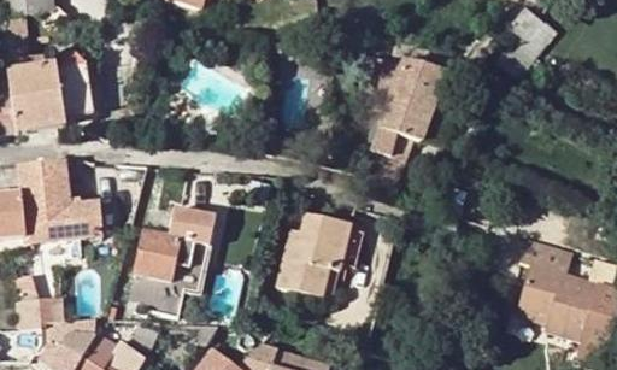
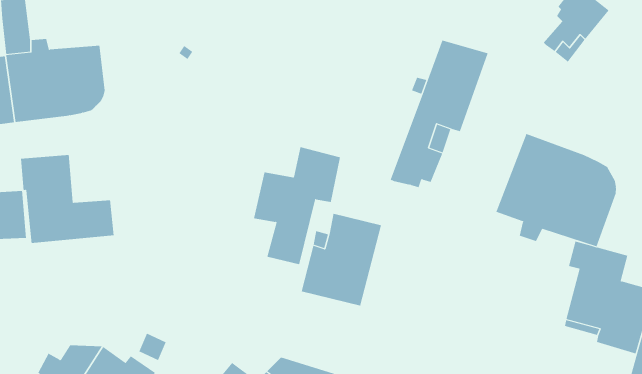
building: none -> [496,133,616,247]
building: [134,207,213,315] -> [253,146,341,265]
building: [17,298,63,328] -> none

